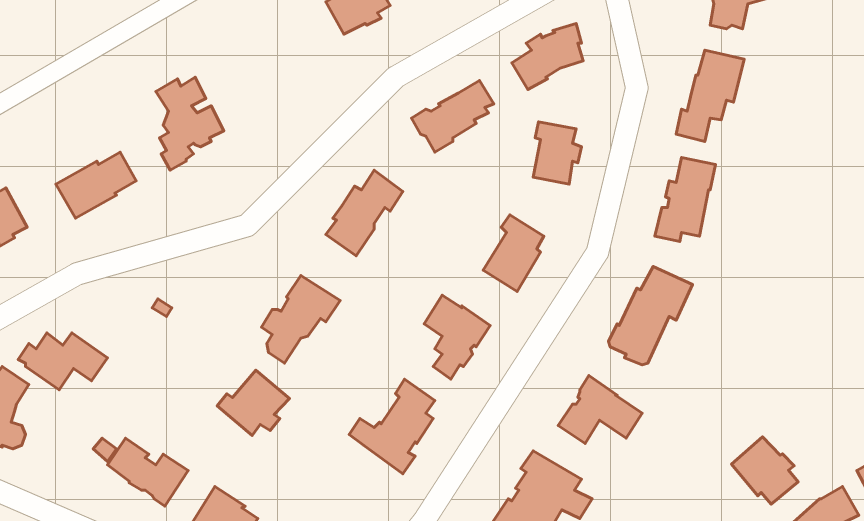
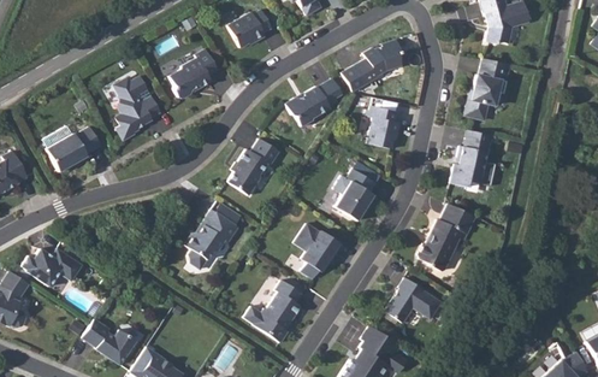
building: none -> [170,48,218,99]
building: [217,370,289,436] -> none
building: [731,437,798,504] -> none

